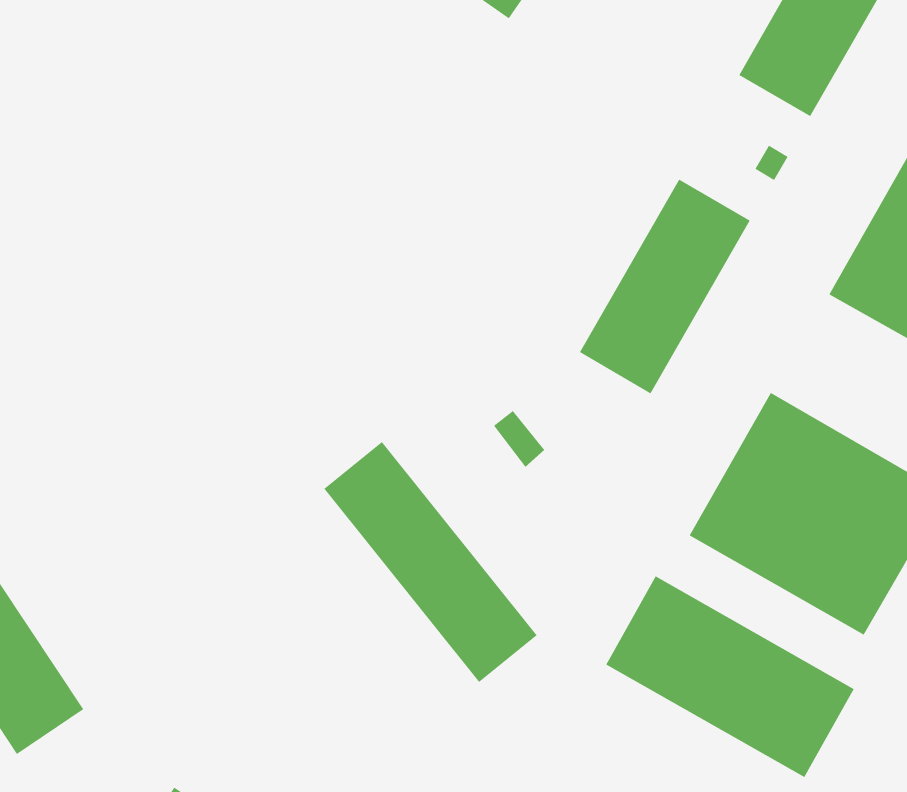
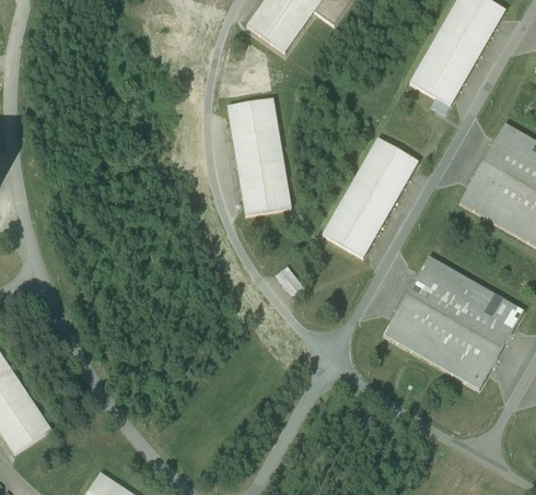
building: none -> [228,98,290,214]
building: [324,441,537,683] -> none
building: [605,576,855,778] -> none

